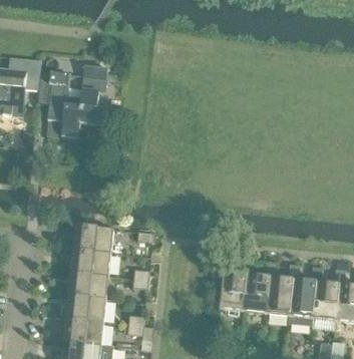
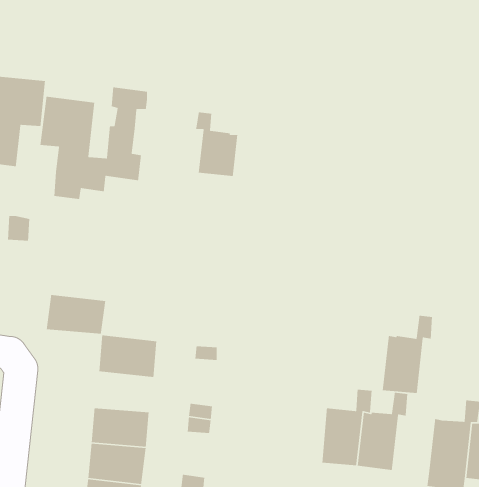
building: none -> [195,111,238,177]
building: [72,249,111,275] -> [46,294,106,335]
building: [266,264,299,315] -> [382,315,433,394]

